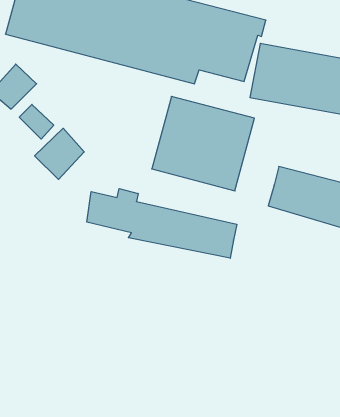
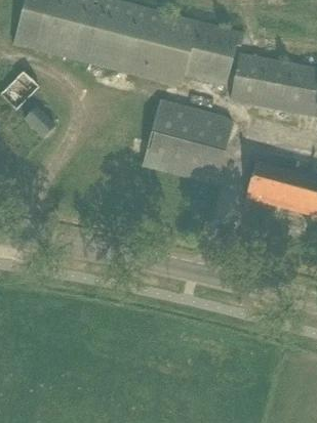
building: [35,128,84,179] -> none
building: [87,189,237,258] -> none

